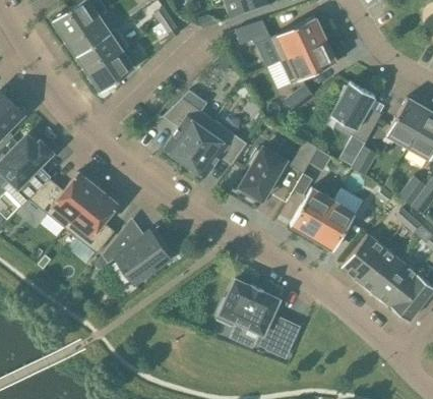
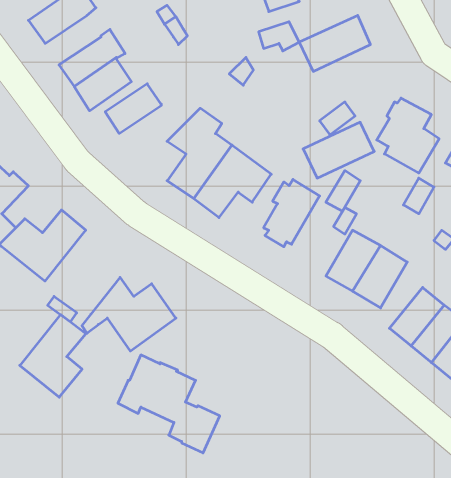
building: [65,16,110,56] -> [105,84,161,133]
building: [280,40,336,84] -> [303,122,374,178]
building: [65,188,118,254] -> [20,315,86,397]
building: [216,279,298,357] -> [118,355,220,453]

